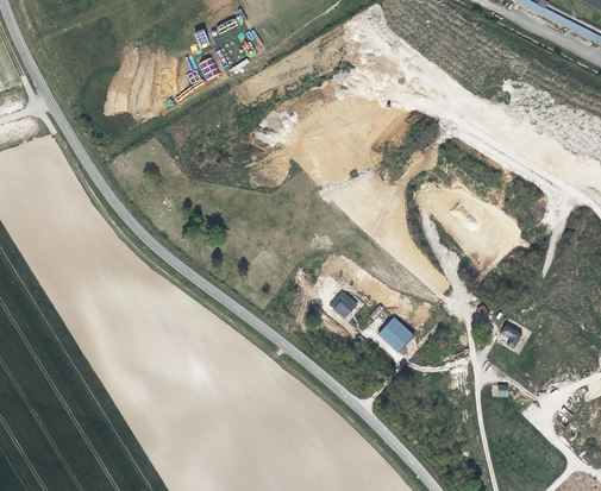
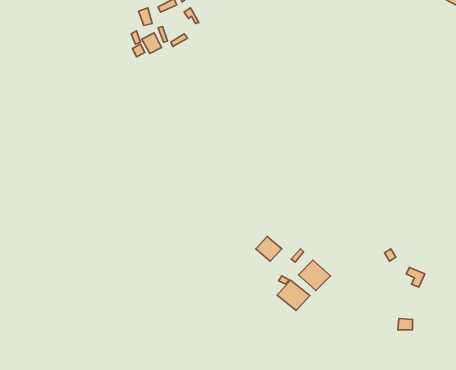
building: none -> [277,280,310,311]

